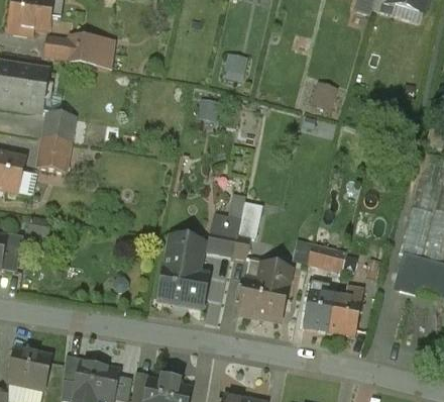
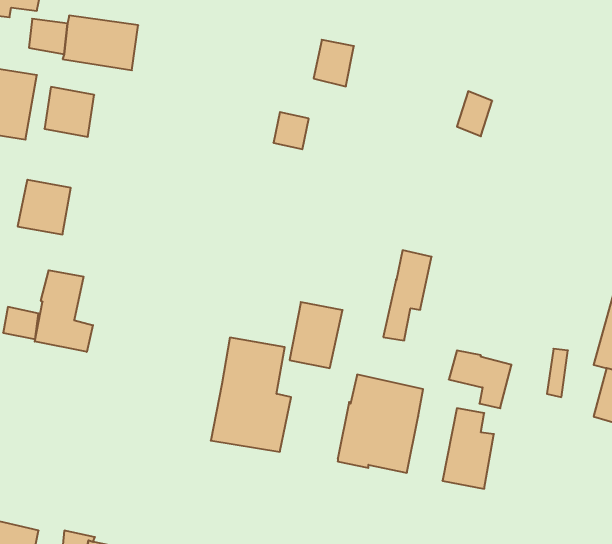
building: [43,110,75,141] -> [44,87,94,137]
building: none -> [35,270,93,352]
building: [233,200,263,257] -> [383,250,432,340]
building: [330,286,364,335] -> none

